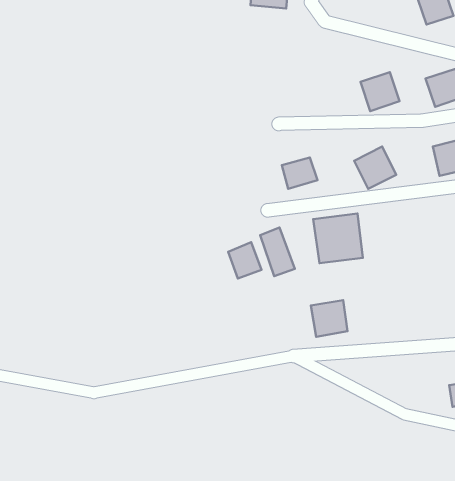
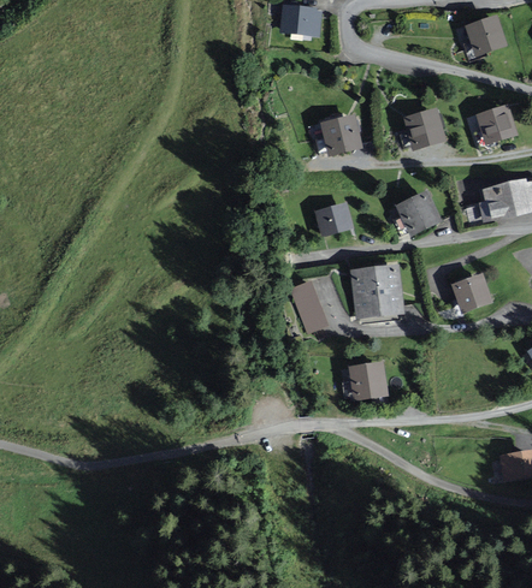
building: none -> [320,113,362,155]
building: none -> [451,271,493,313]
building: [228,242,262,279] -> none

